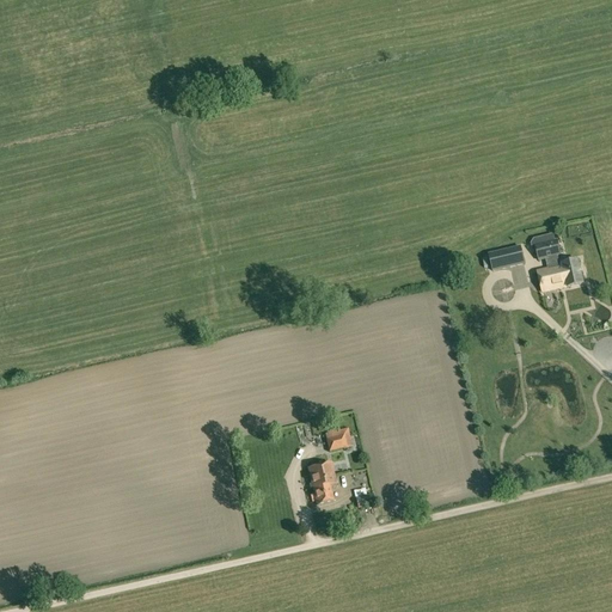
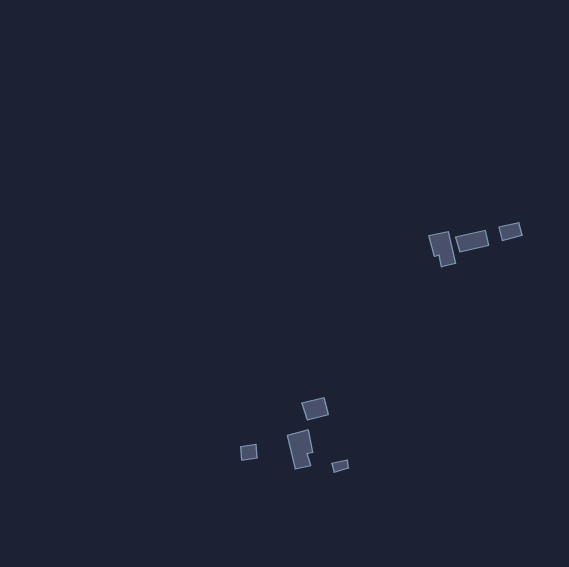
building: none -> [429,232,456,267]
building: [538,258,583,289] -> none

